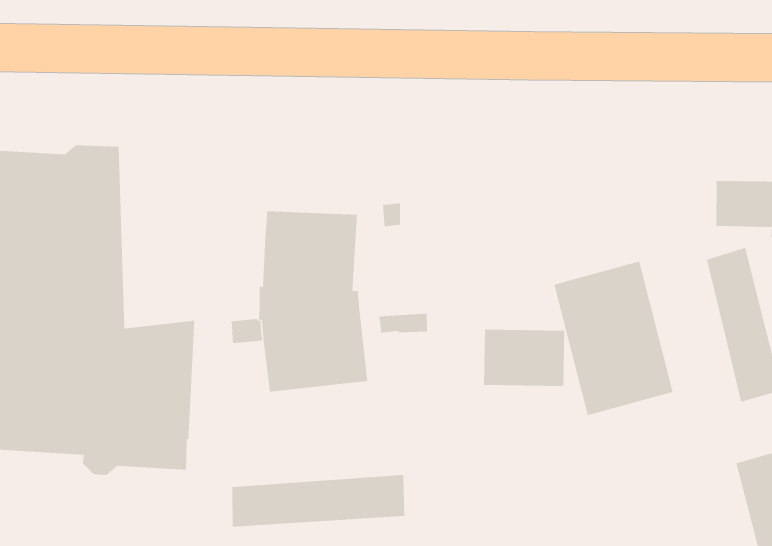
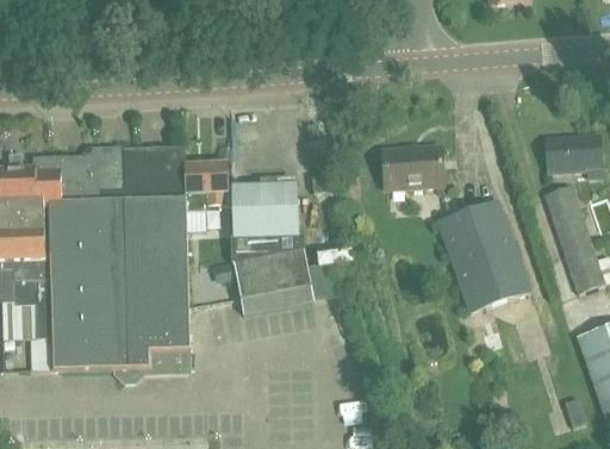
building: none -> [125,146,232,275]
building: [483,329,565,386] -> [384,145,443,188]
building: [232,474,405,527] -> none

